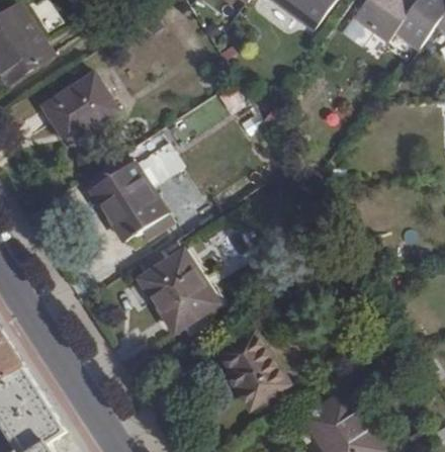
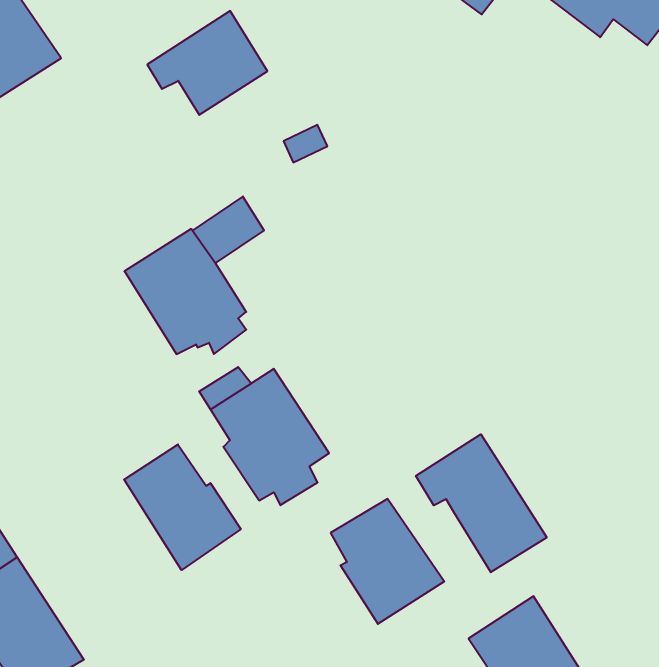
building: [41,74,116,139] -> [147,11,267,115]
building: none -> [416,434,547,572]
building: none -> [124,444,241,570]

